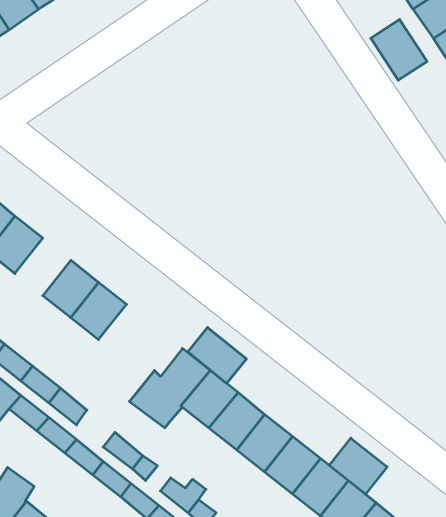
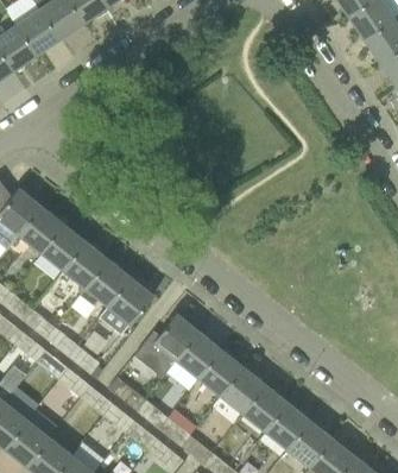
building: [371,19,427,80] -> none
building: none -> [42,225,87,271]
building: none -> [109,278,154,324]
building: [188,327,246,383] -> none
building: [329,438,387,494] -> none

